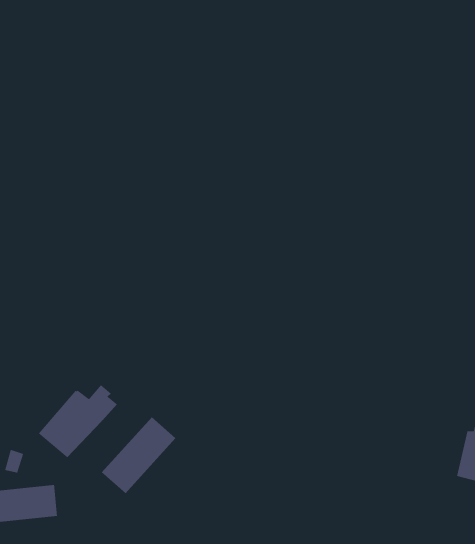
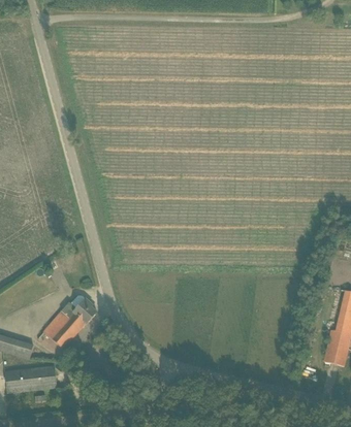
building: [101,416,176,494] -> none

